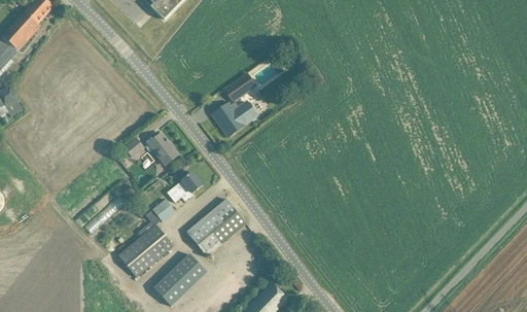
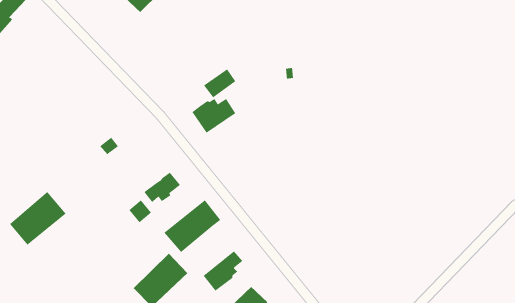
building: [147,134,177,166] -> none
building: [117,224,173,277] -> [9,191,67,246]
building: none -> [203,250,243,292]

